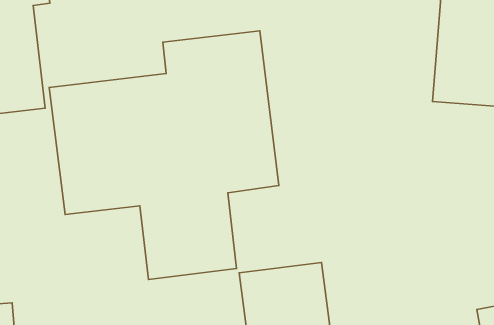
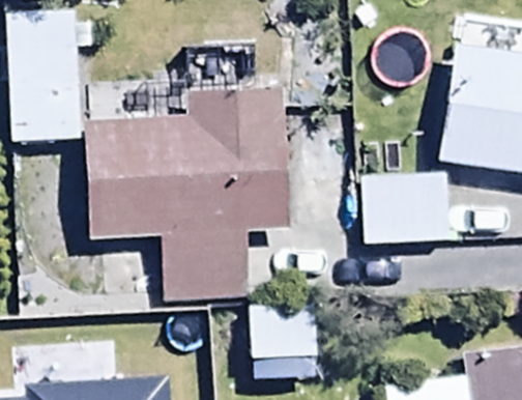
building: none -> [363,172,455,245]

